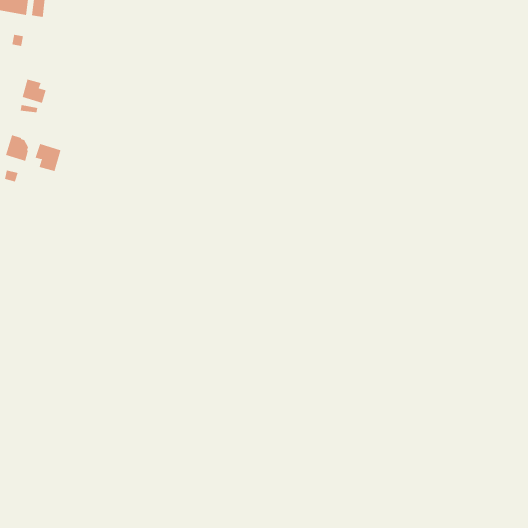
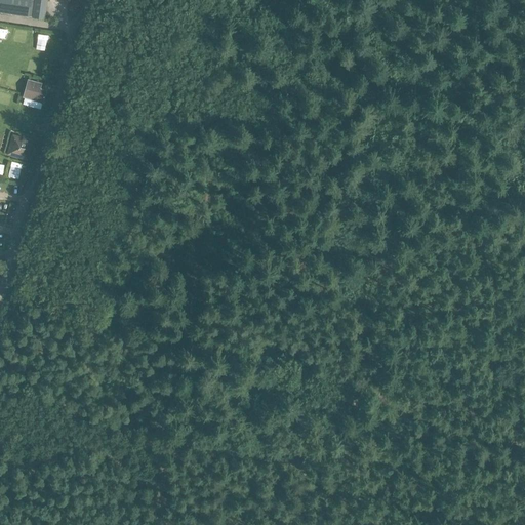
building: [35,143,61,172] -> none

